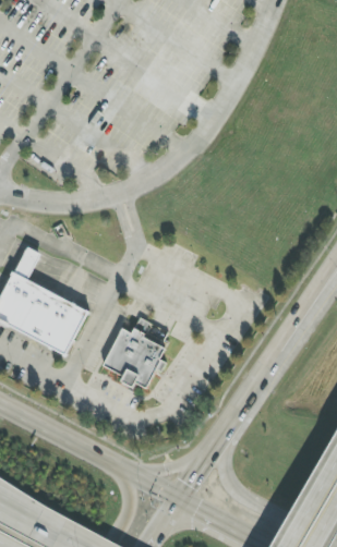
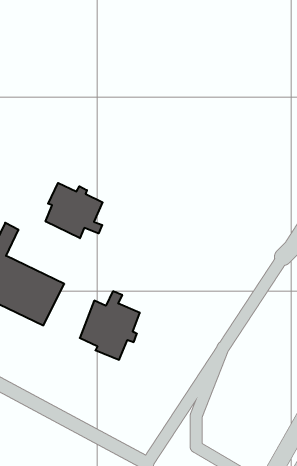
building: none -> [46,183,103,238]

